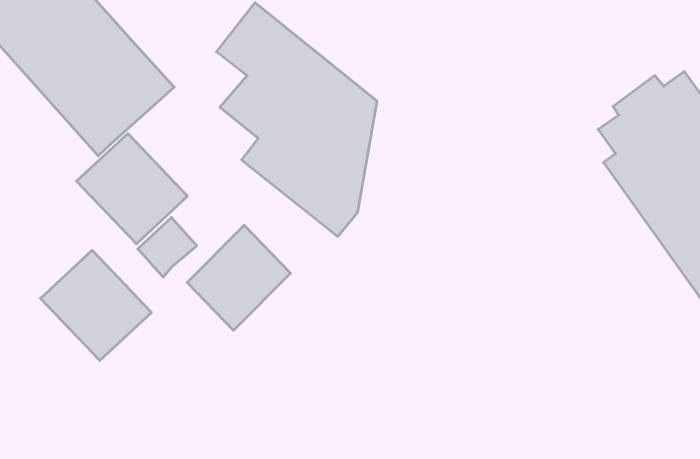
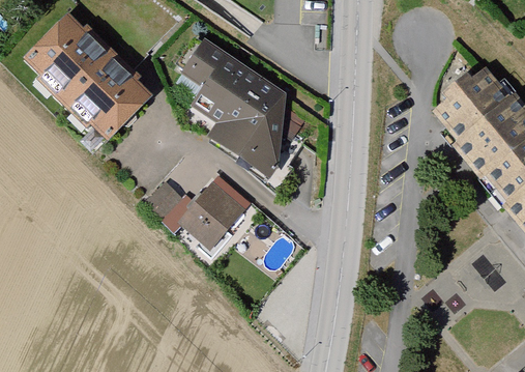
building: [77,134,187,244] -> none
building: [40,250,151,361] -> none

